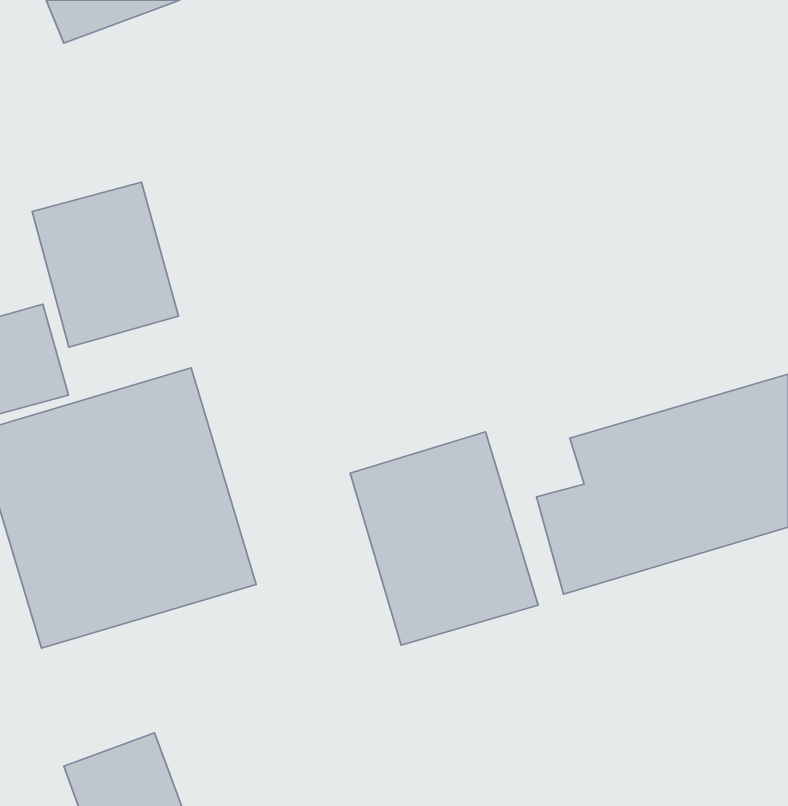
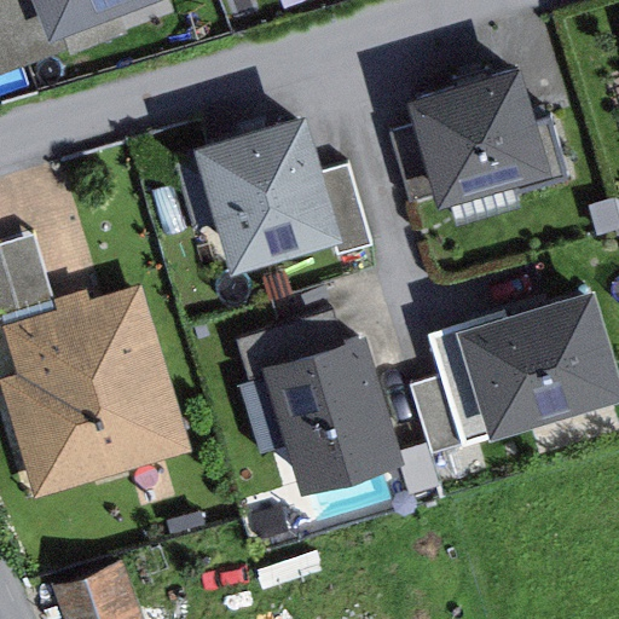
building: none -> [384,60,560,208]
building: none -> [177,114,374,271]
building: [32,182,179,347] -> none

